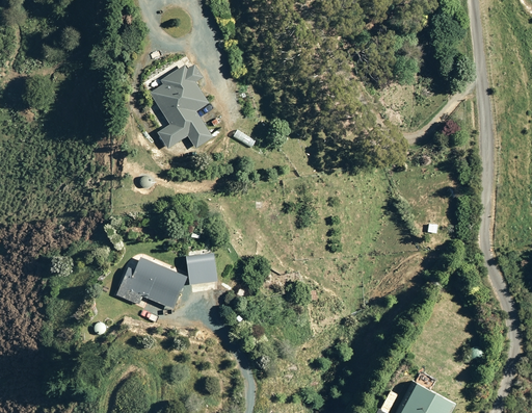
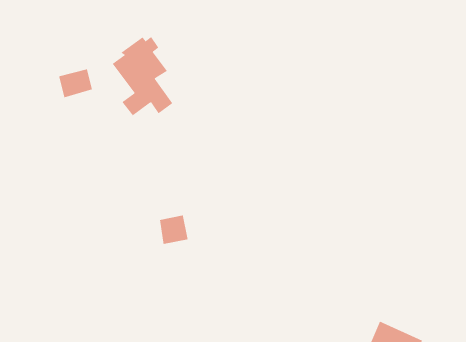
building: none -> [58,68,93,98]
building: [116,257,185,307] -> none

